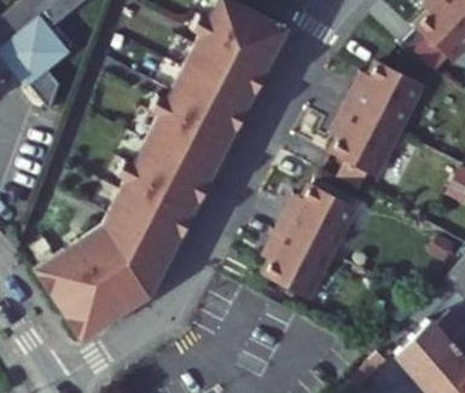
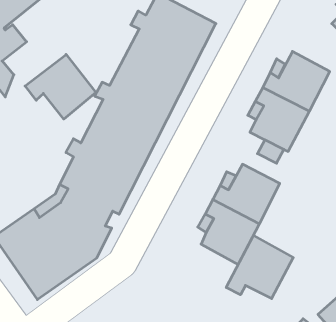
building: none -> [25,54,96,119]
building: none -> [226,236,293,299]

